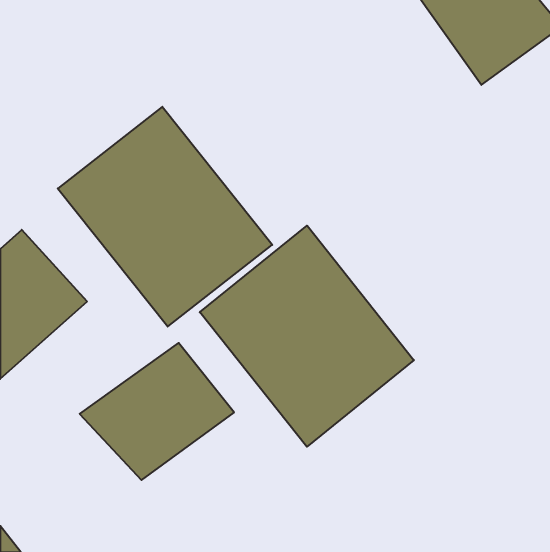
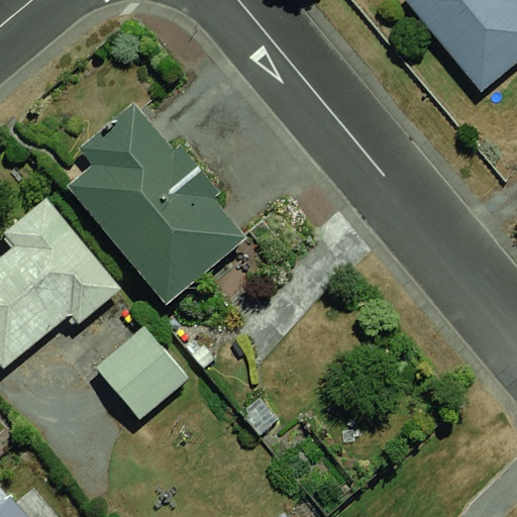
building: [200,226,414,447] -> none

